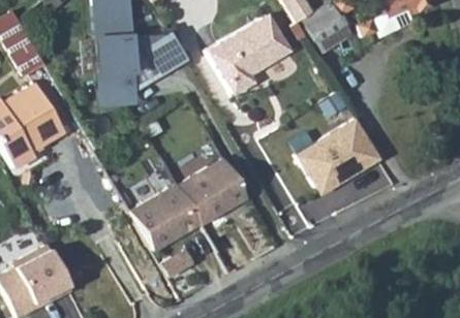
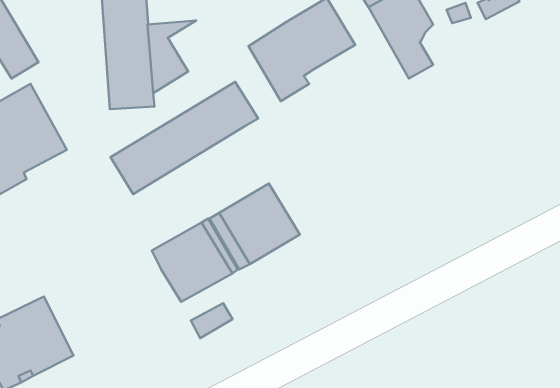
building: [145,29,187,71] -> none
building: none -> [110,82,258,194]
building: [294,120,377,191] -> none

